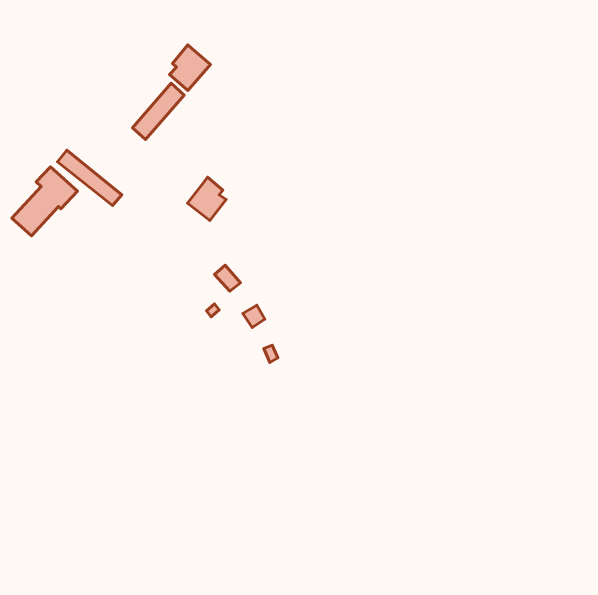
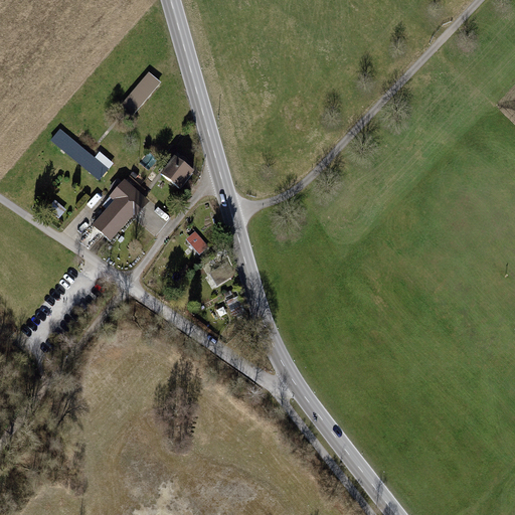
building: [169,45,210,90] -> none
building: [12,167,77,236] -> [91,181,147,240]

